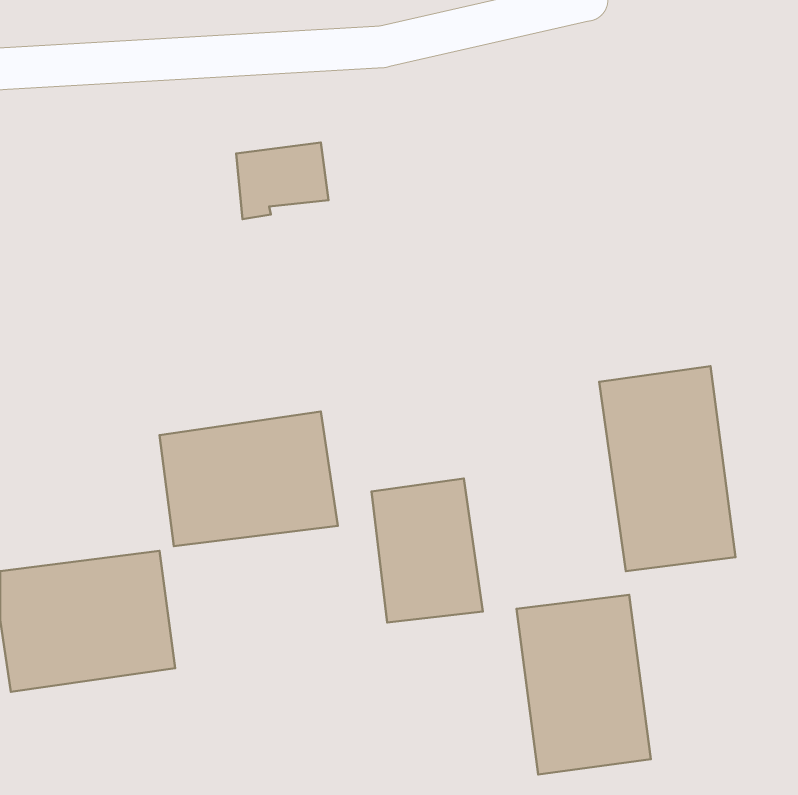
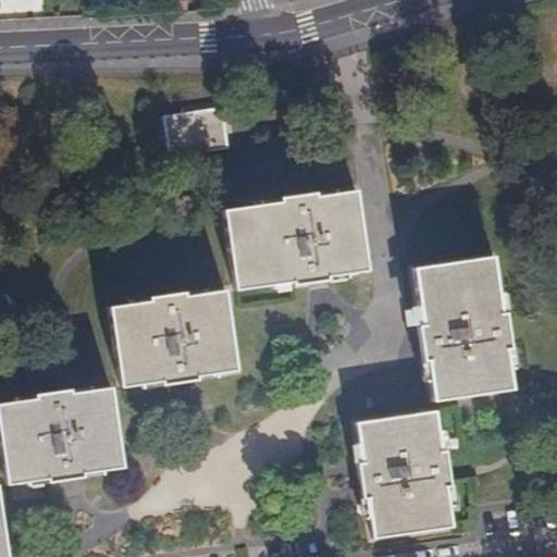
building: none -> [226,193,369,288]
building: [371,479,483,622] -> none

